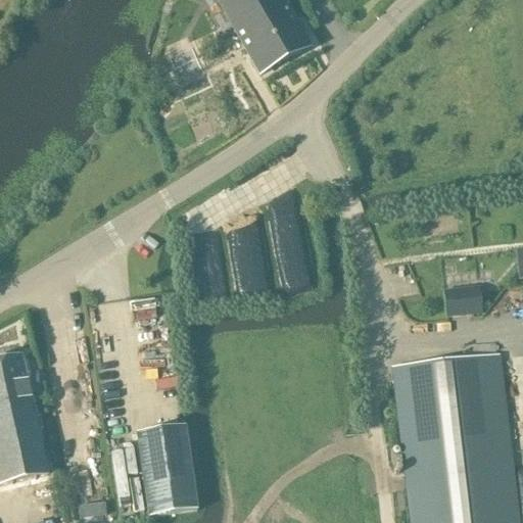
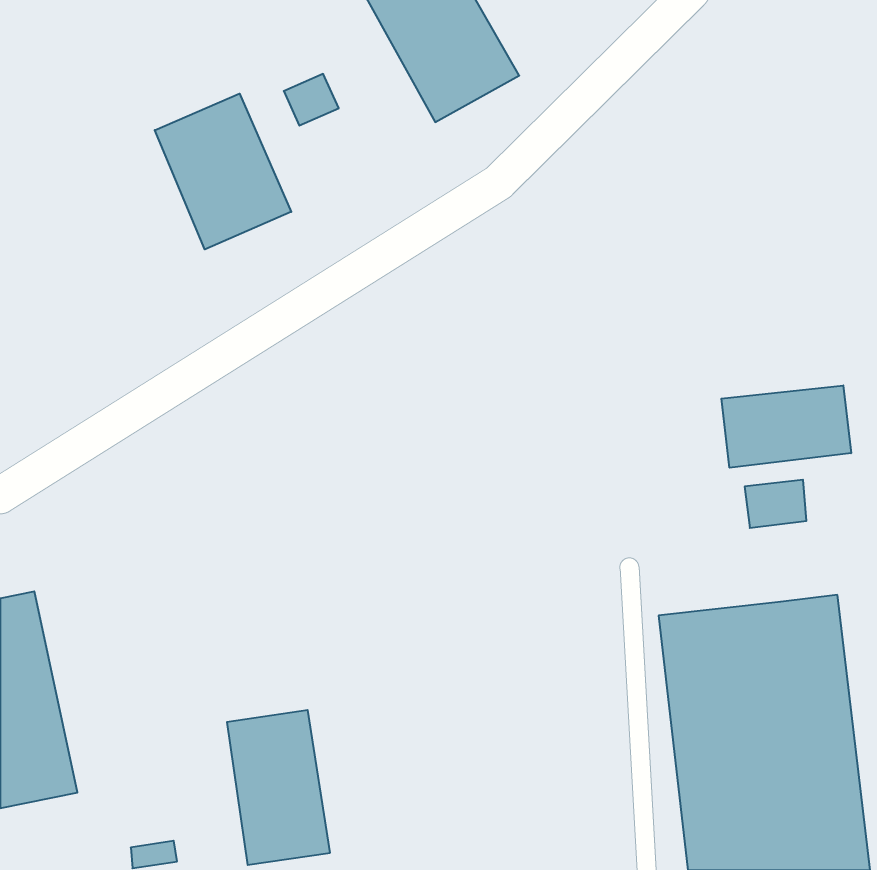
building: none -> [155,94,291,249]
building: none -> [721,385,851,468]

